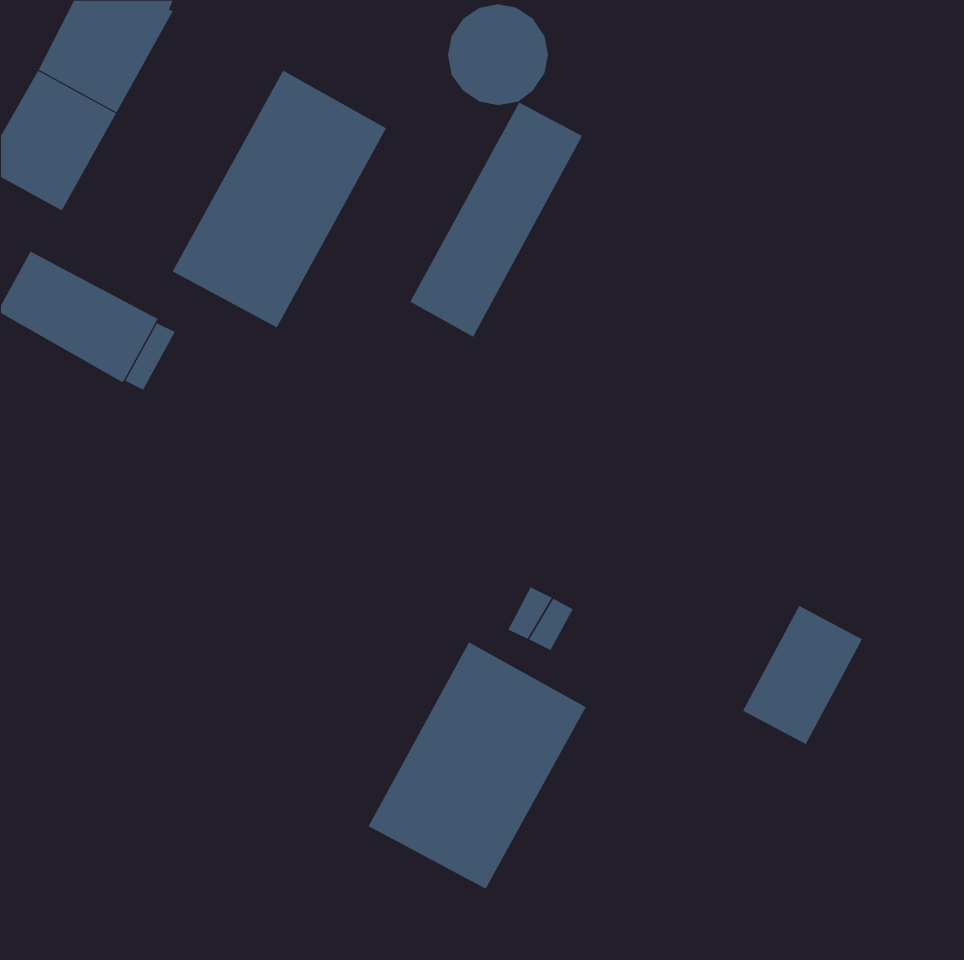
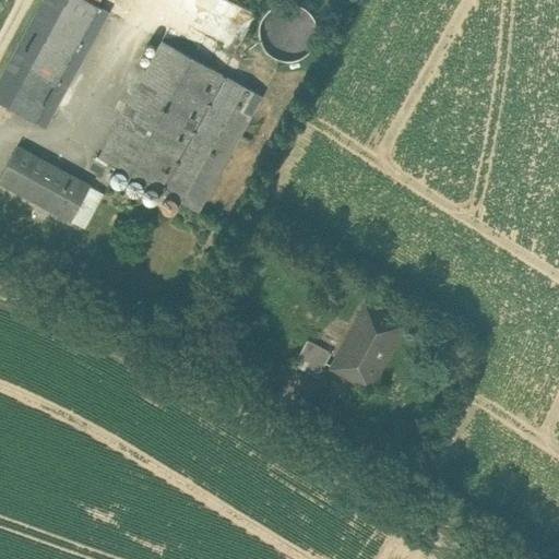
building: [409,102,583,338] -> [160,76,261,213]
building: [742,605,863,745] -> [333,308,403,389]
building: [368,641,586,890] -> none

